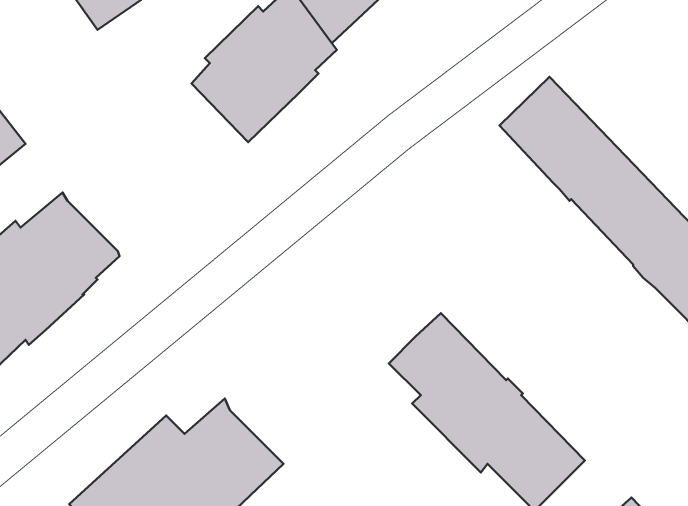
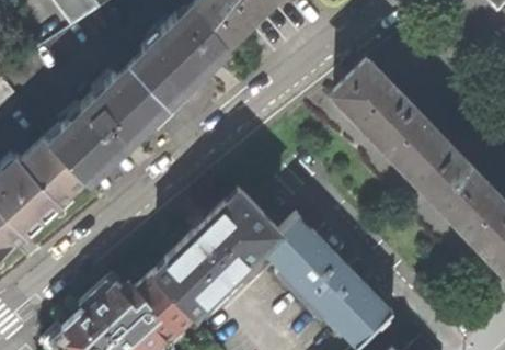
building: none -> [50,65,169,178]
building: none -> [157,194,278,315]

